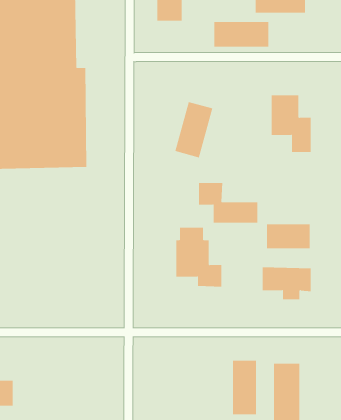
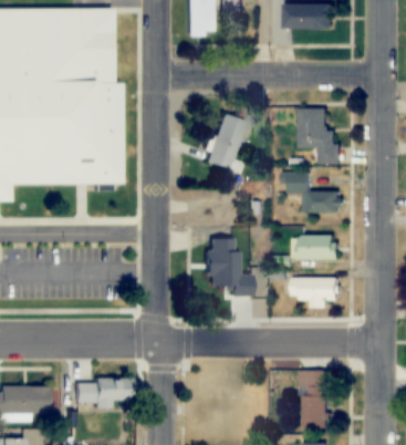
building: [214,21,269,47] -> none
building: [198,182,258,223] -> [287,173,345,213]
building: [232,360,256,415] -> none
building: none -> [74,380,133,407]

